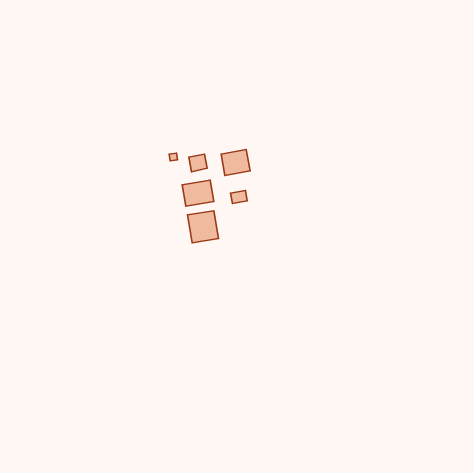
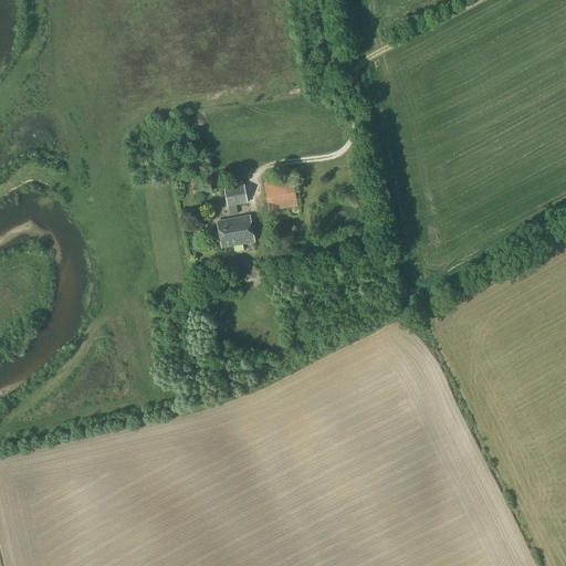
building: [188,211,218,243] -> none

